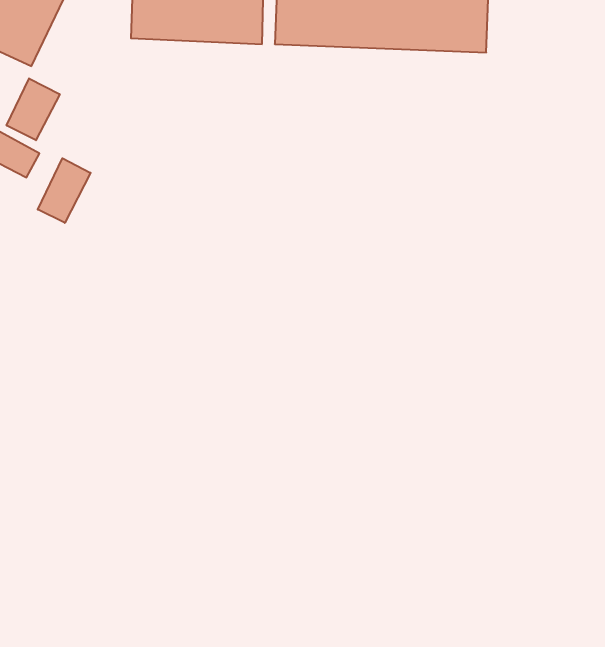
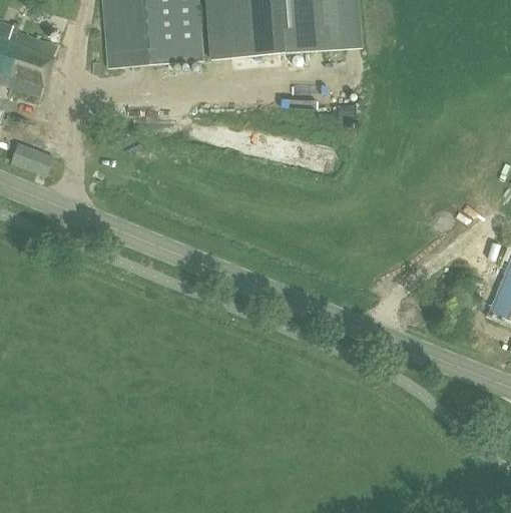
building: [7,78,60,140] -> none
building: [38,158,91,223] -> none

